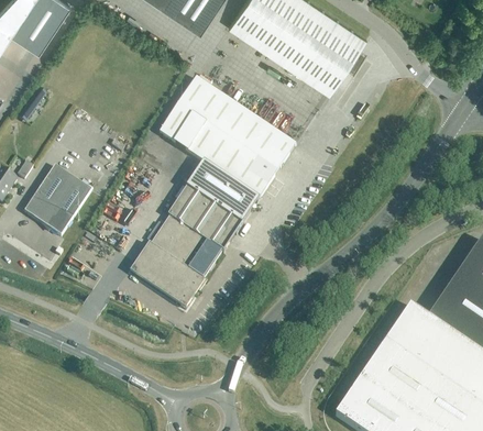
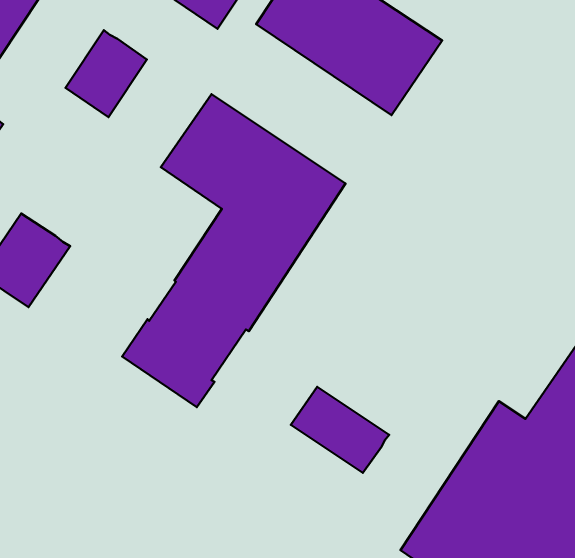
building: none -> [65,30,147,117]
building: none -> [291,387,389,473]

